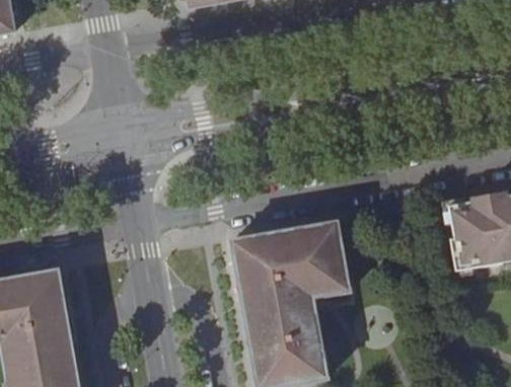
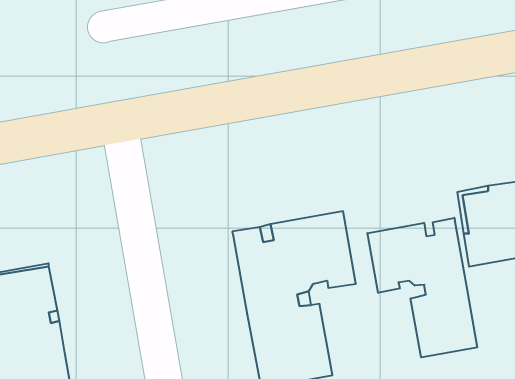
building: none -> [367,218,477,357]

